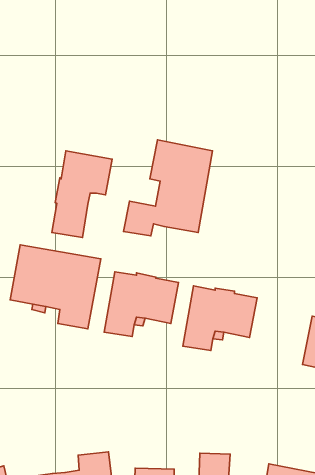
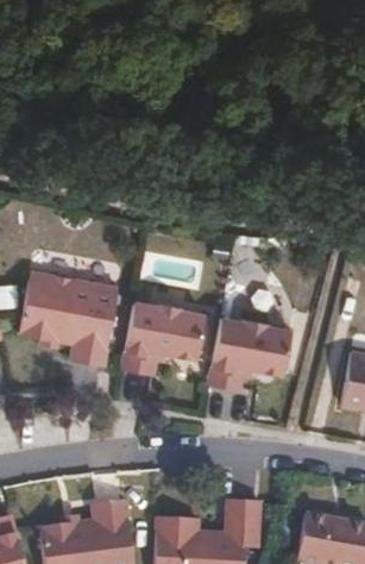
building: [124,140,213,236] -> none
building: [52,151,112,237] -> none

